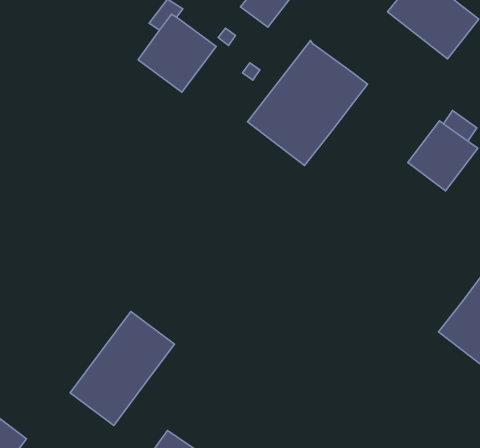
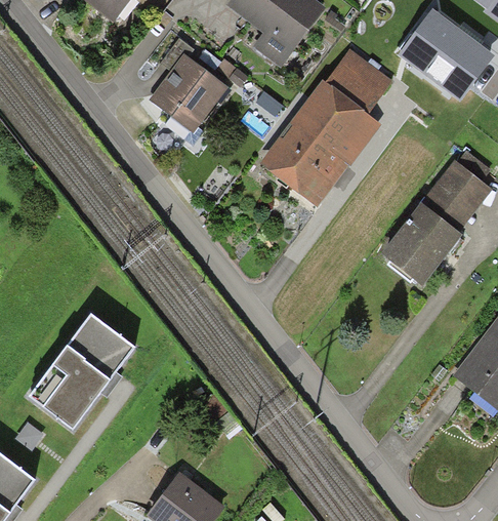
building: none -> [325,49,391,114]
building: none -> [380,203,462,287]
building: [70,312,175,425] -> [29,316,134,431]

